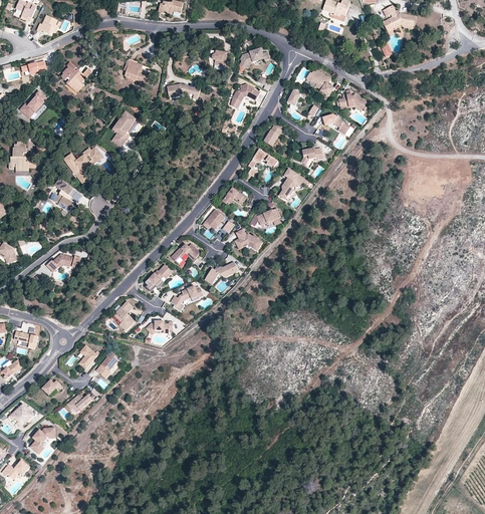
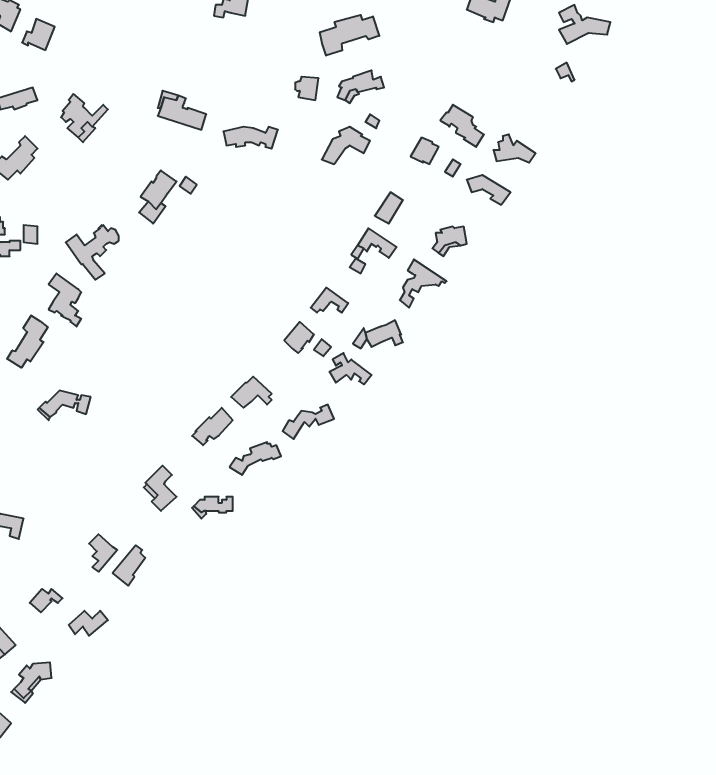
building: none -> [320,15,379,56]
building: none -> [7,315,48,368]

